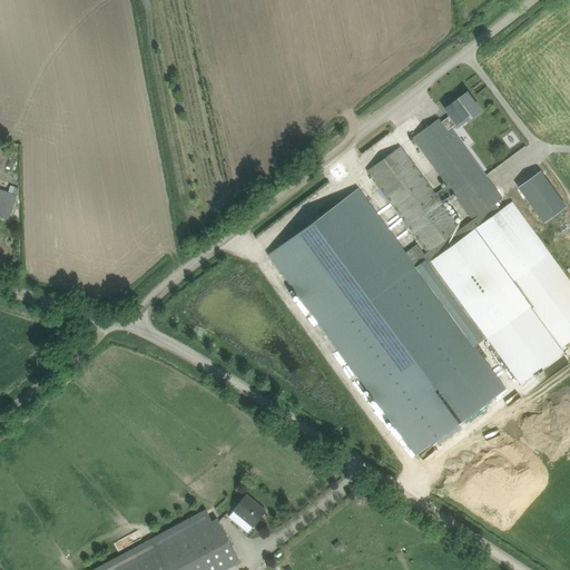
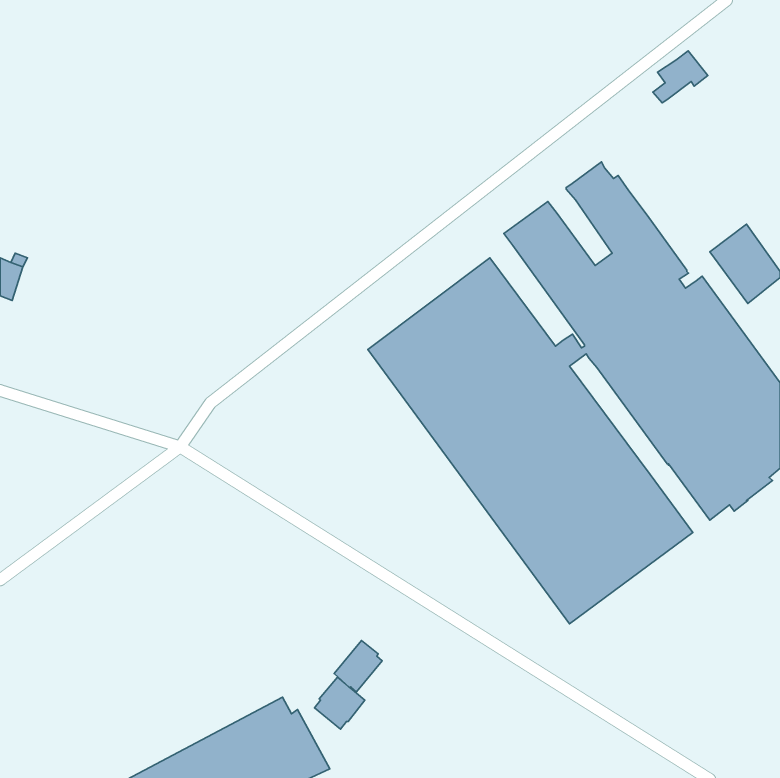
building: [441,94,481,131] -> [653,51,708,103]
building: none -> [334,641,382,692]

